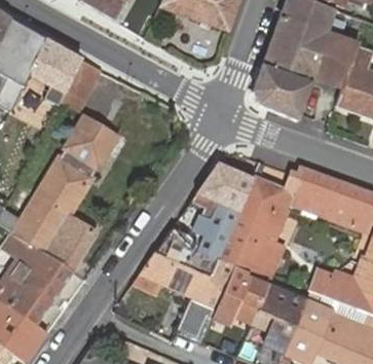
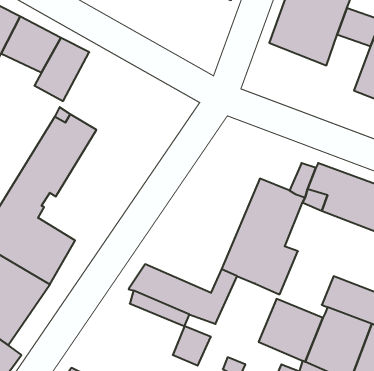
building: [253,65,311,122] -> none
building: [155,167,254,281] -> none
building: [216,266,270,323] -> none

